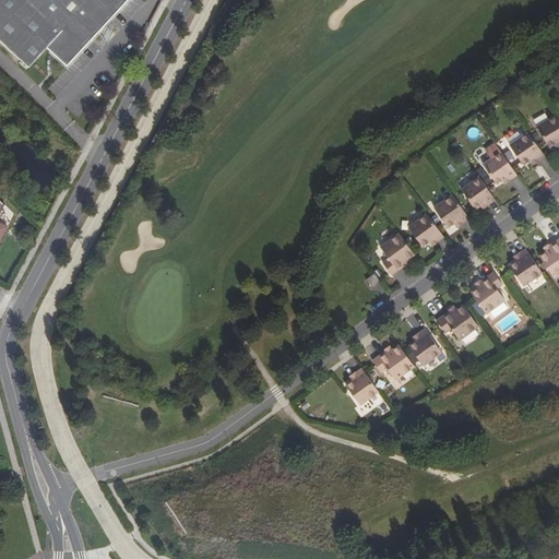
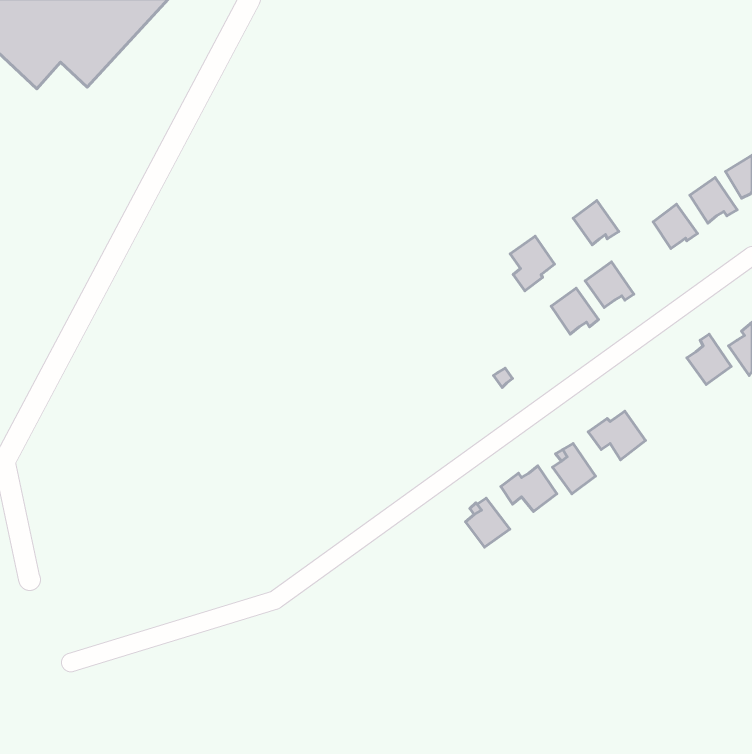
building: [461,176,495,209] -> [573,200,619,245]
building: [380,234,413,274] -> [510,236,554,291]
building: [469,271,503,313] -> none

